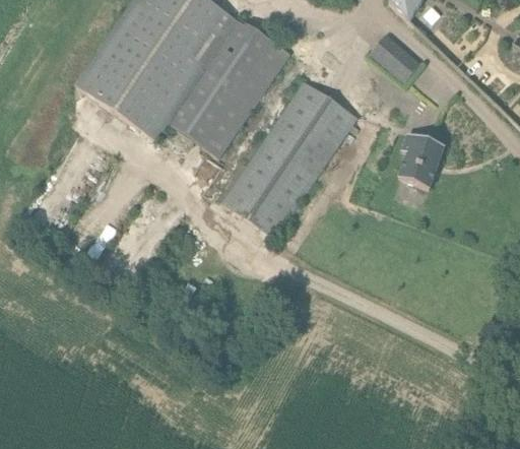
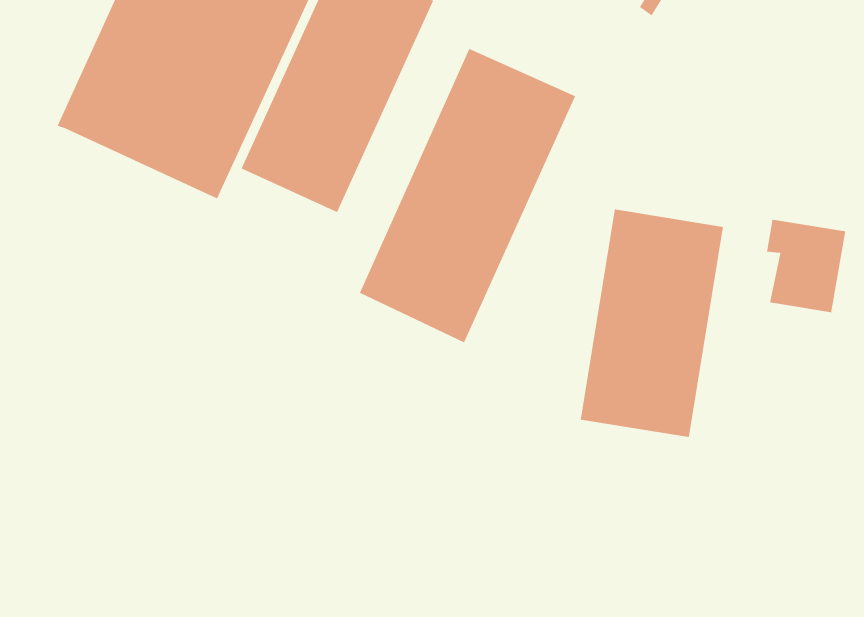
building: [397,131,445,187] -> [766,219,846,313]
building: none -> [580,209,724,438]

